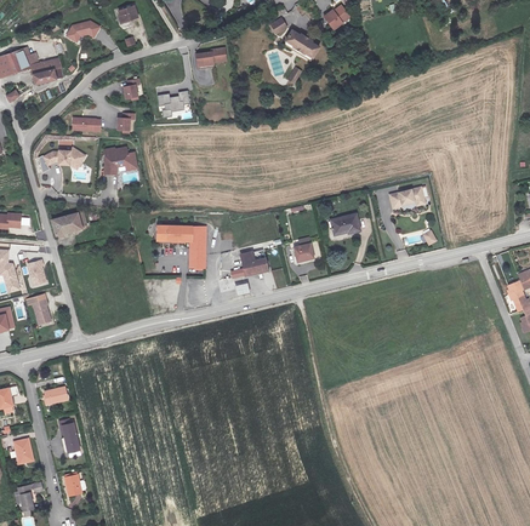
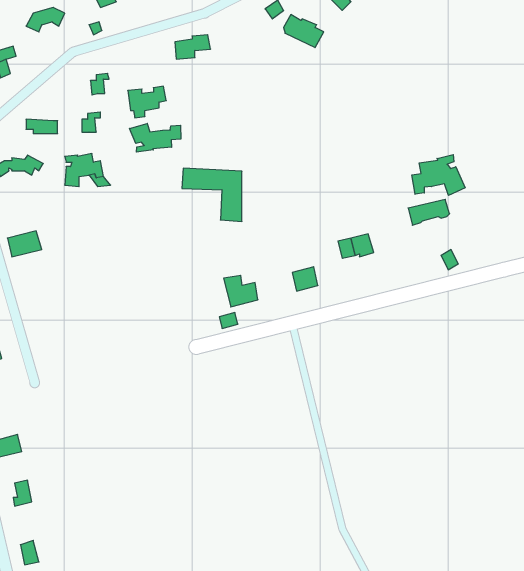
building: none -> [130,123,181,152]
building: none -> [412,155,465,195]
building: [154,223,205,268] -> [182,168,242,221]

